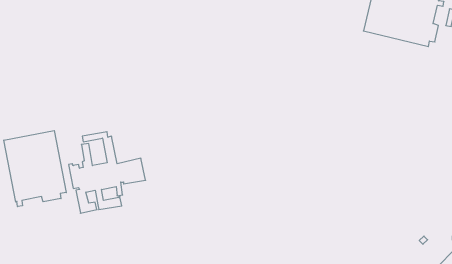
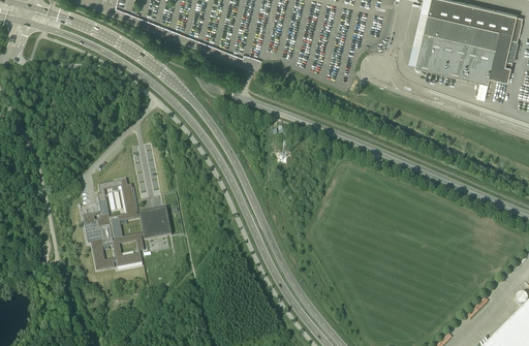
building: [4,131,66,207] -> none

